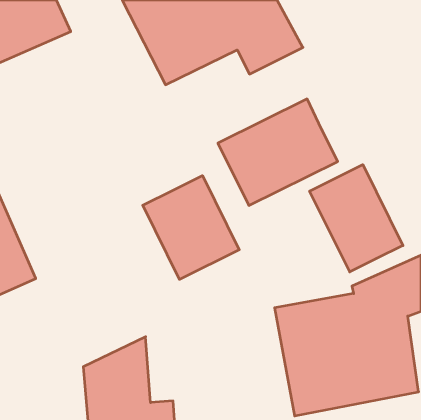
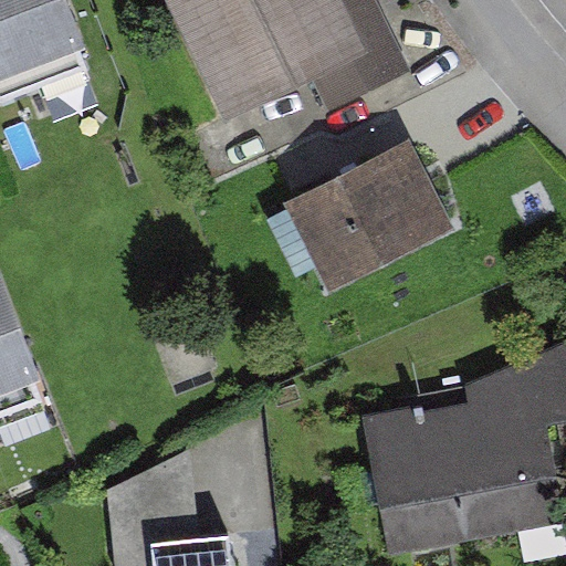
building: [310,165,403,272] -> none
building: [143,176,239,279] -> none

